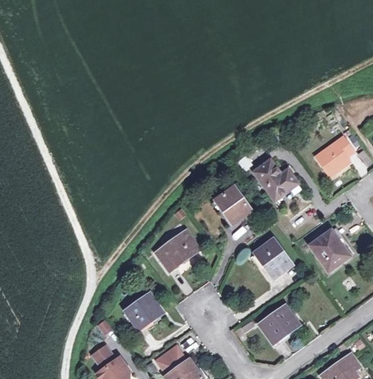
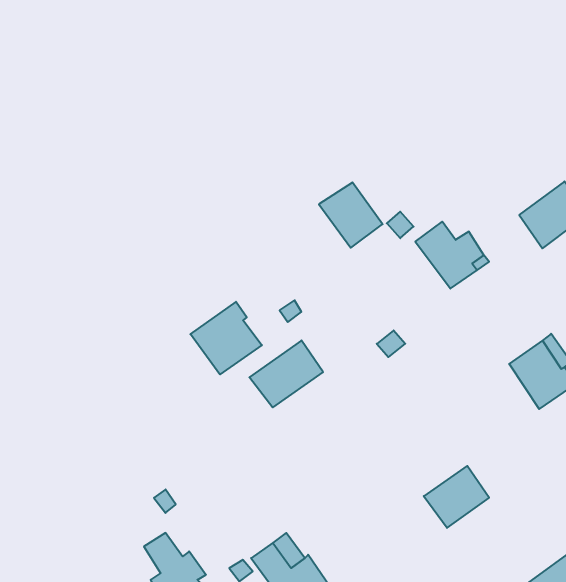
building: [214,186,252,225] -> [319,182,383,248]
building: none -> [190,302,262,374]
building: [254,240,292,279] -> none
building: [125,294,164,330] -> none

